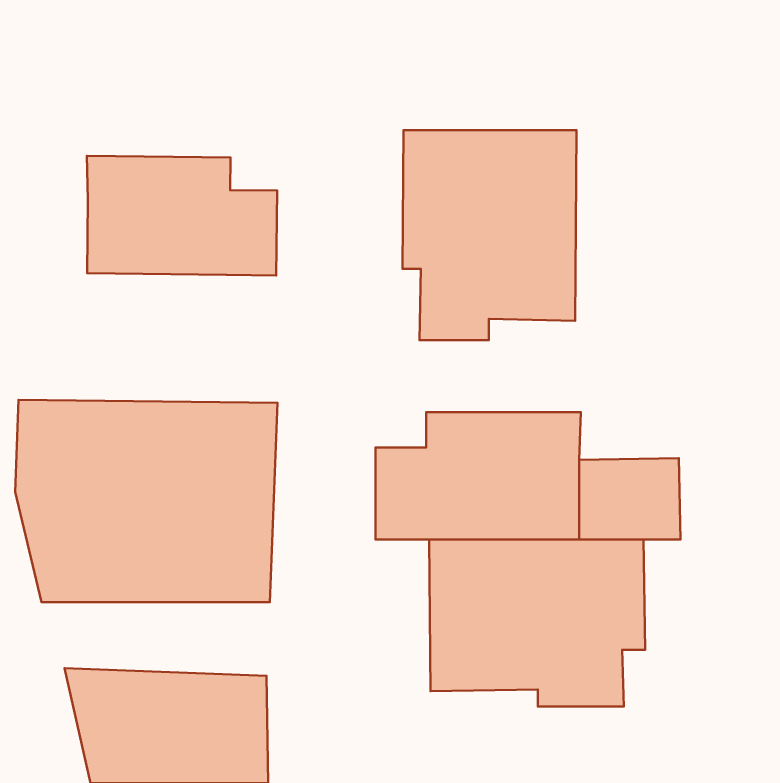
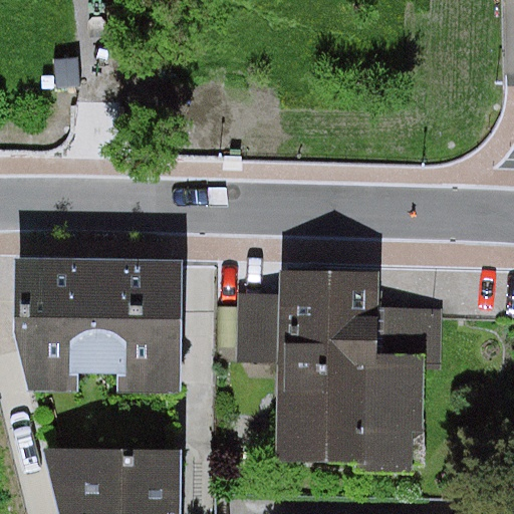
building: [402,130,577,340] -> none
building: [87,156,277,276] -> none

